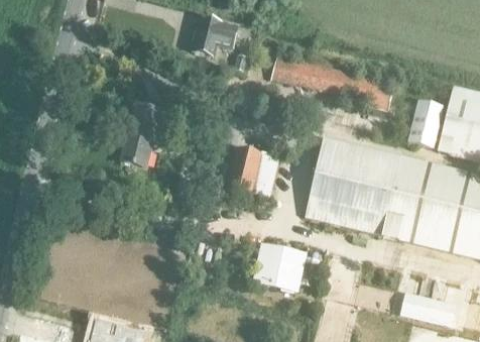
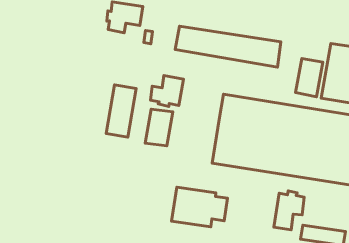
building: [121,104,160,166] -> [106,85,136,137]
building: none -> [150,76,184,106]
building: none -> [274,191,304,230]

